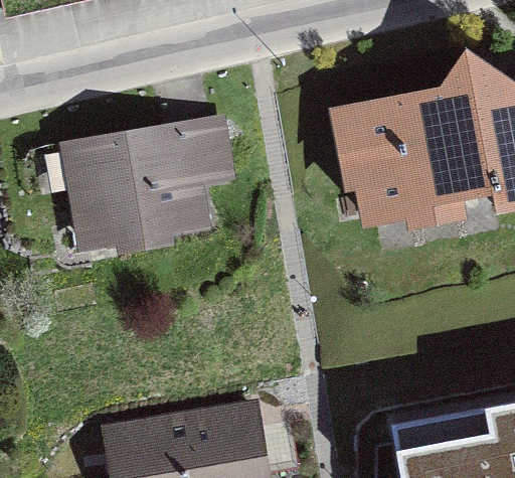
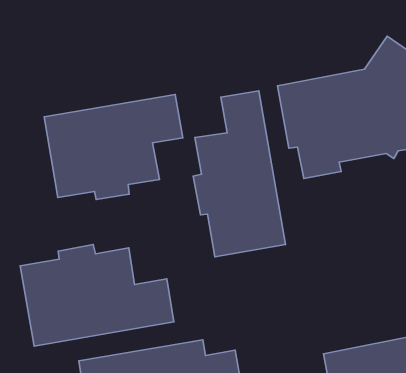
building: none -> [193,91,285,257]
building: none -> [20,245,174,346]

